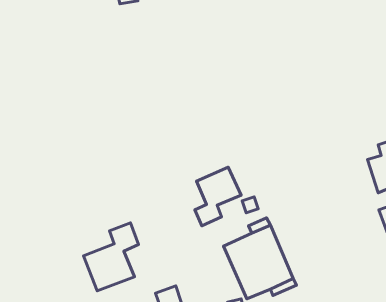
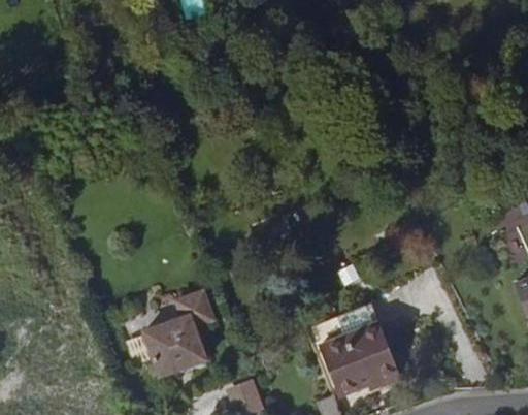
building: [195,167,241,226] -> none

